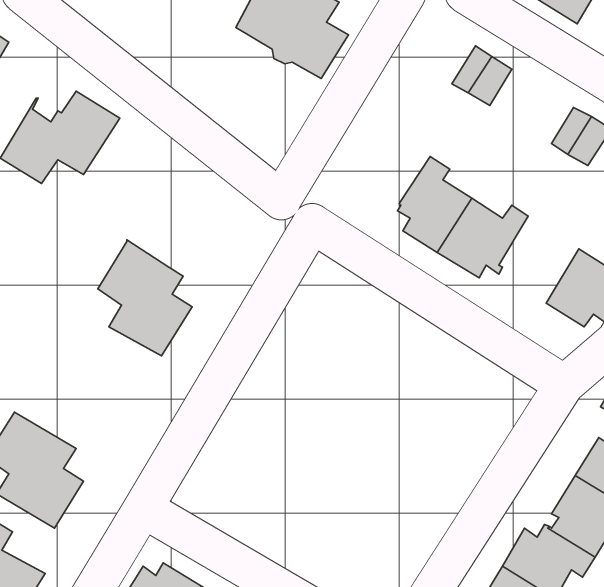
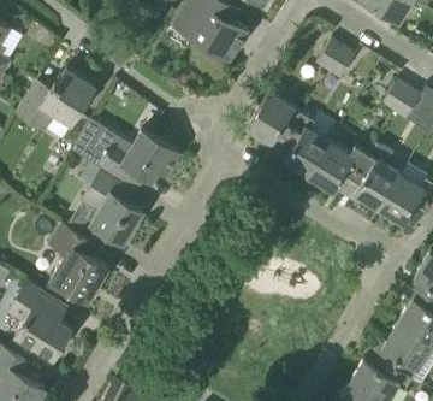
building: none -> [247,93,301,143]
building: none -> [70,118,179,191]
building: none -> [346,141,399,210]
building: none -> [48,224,107,302]

